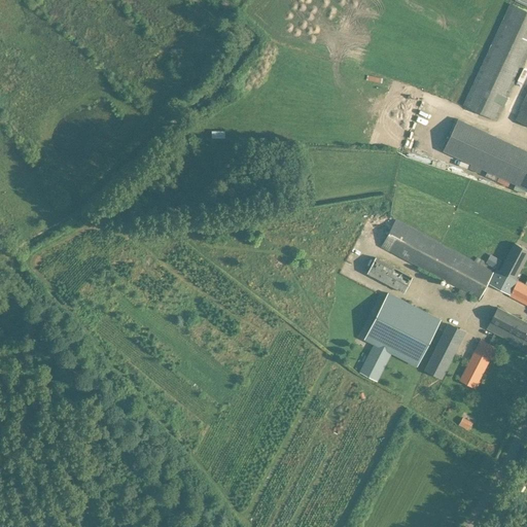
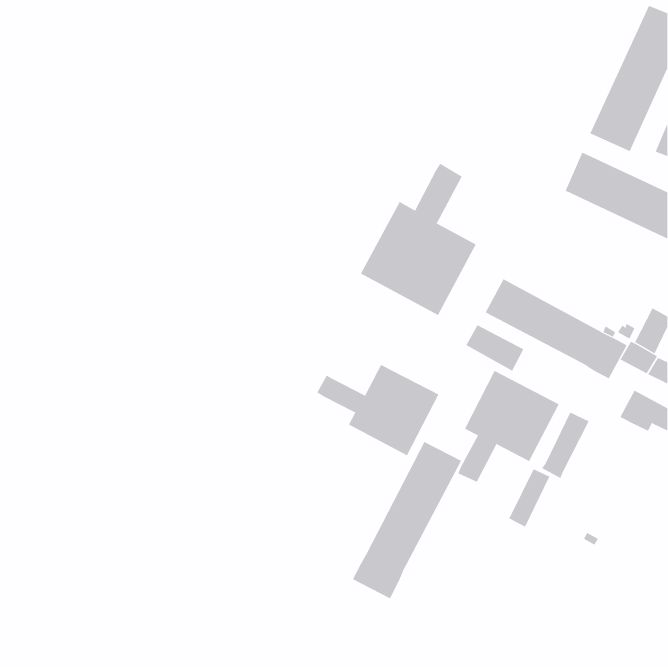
building: none -> [360,163,477,316]
building: none -> [316,364,439,456]
building: [461,341,494,387] -> [508,469,550,528]
building: none -> [352,441,462,599]

